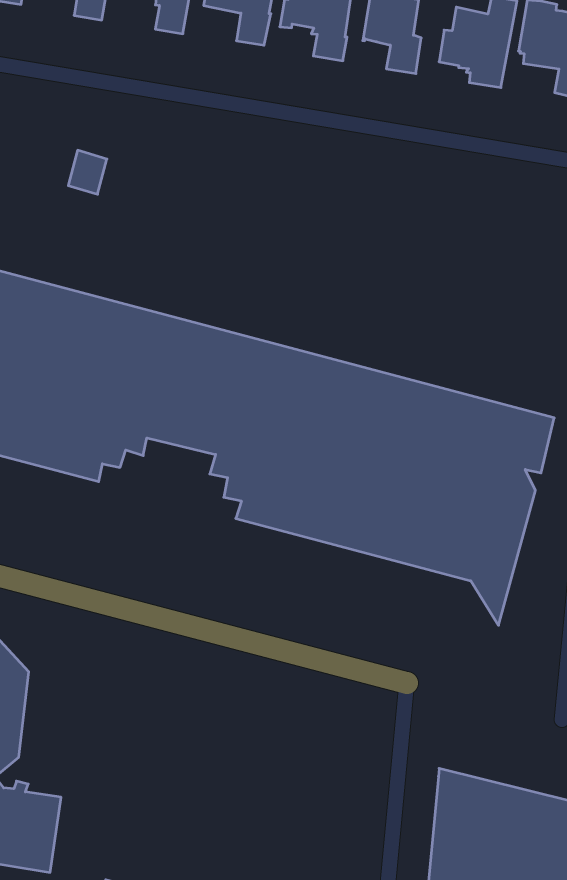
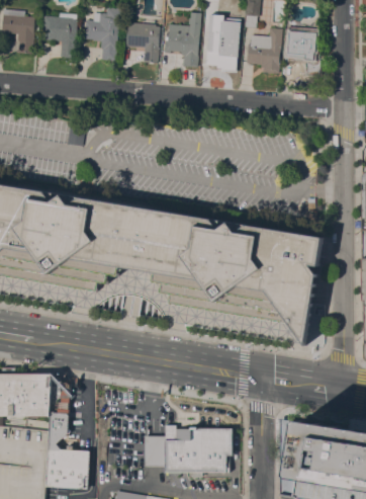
building: none -> [144,425,234,478]

